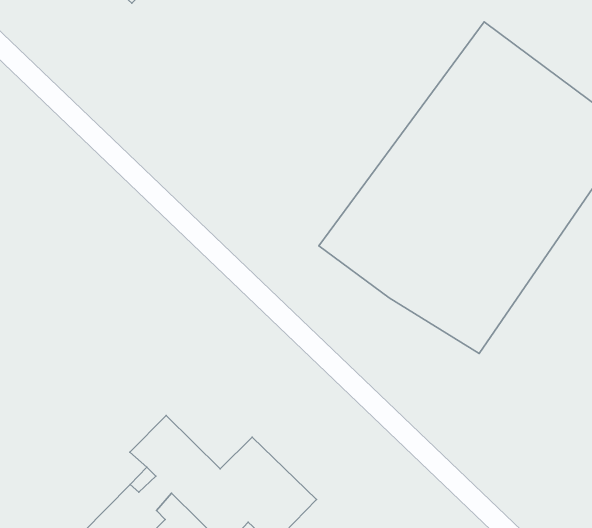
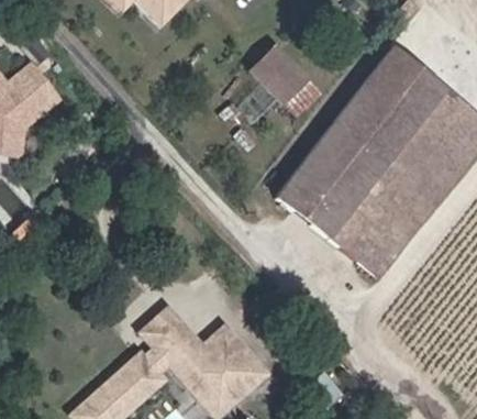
building: none -> [249,47,302,100]

